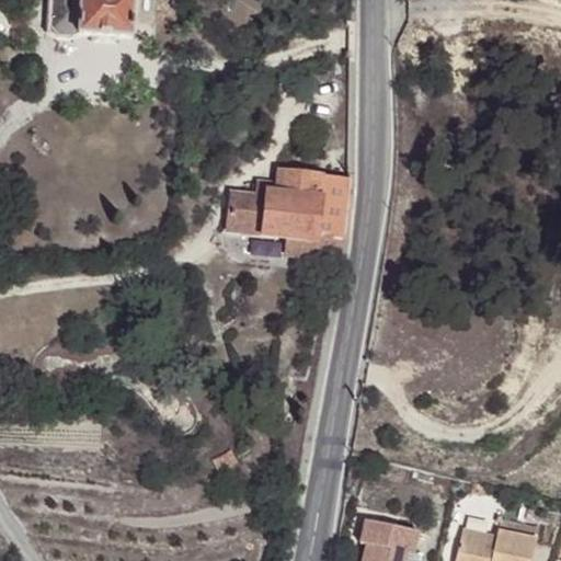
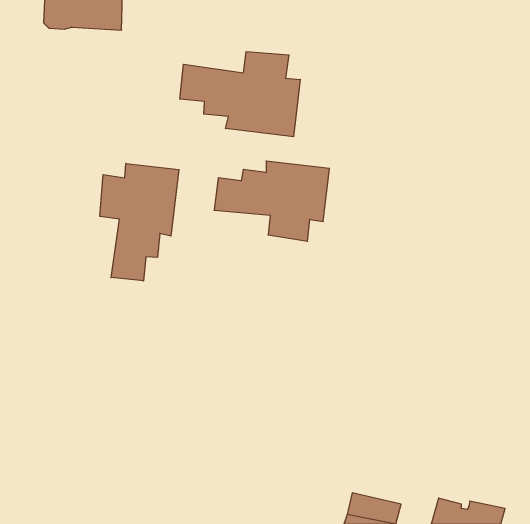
building: none -> [180,52,300,137]
building: none -> [100,163,179,281]

